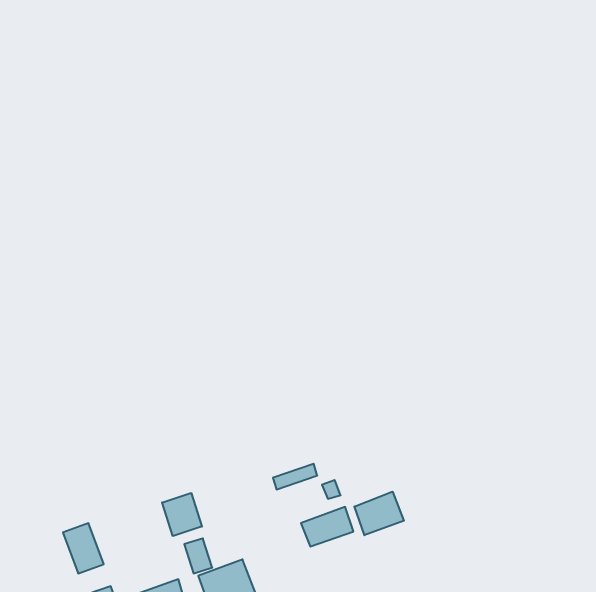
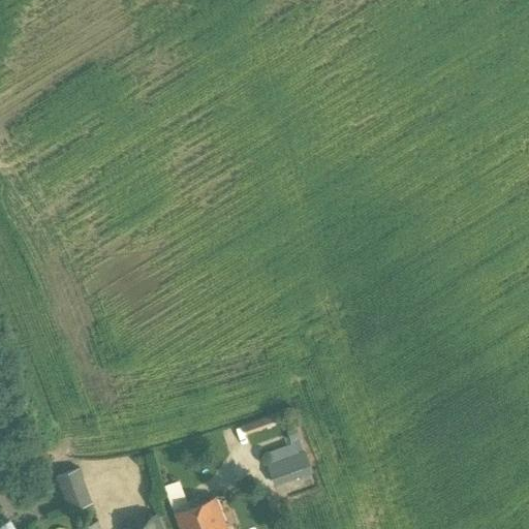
building: [354,492,404,535] -> none
building: [162,493,202,536] -> none

